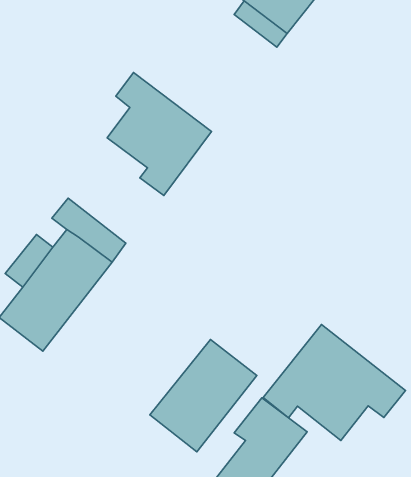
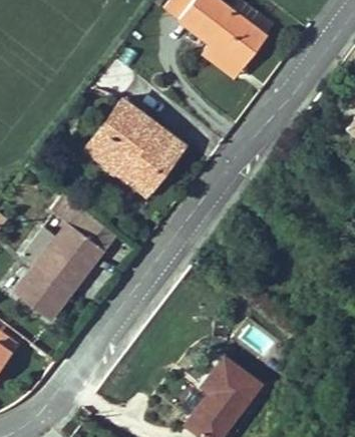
building: none -> [83,117,133,182]
building: [263,325,406,440] -> none
building: [150,340,257,452] -> none

